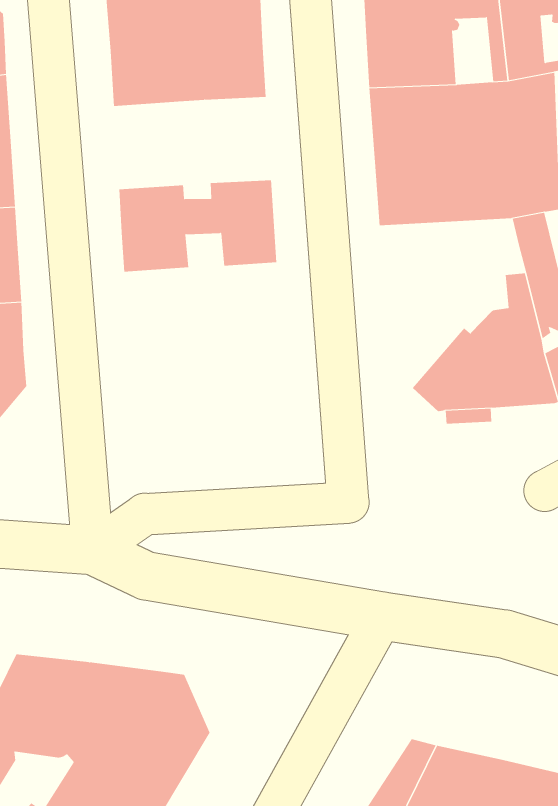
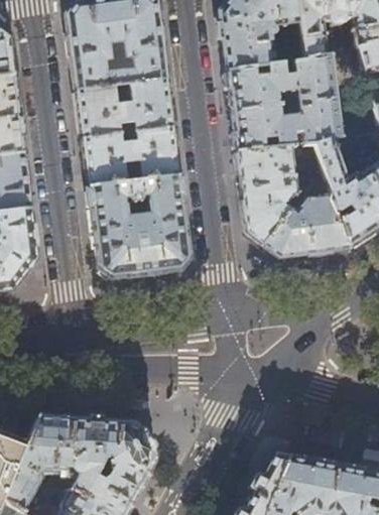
building: none -> [77,79,172,138]
building: none -> [237,141,320,244]
building: none -> [89,175,190,277]

